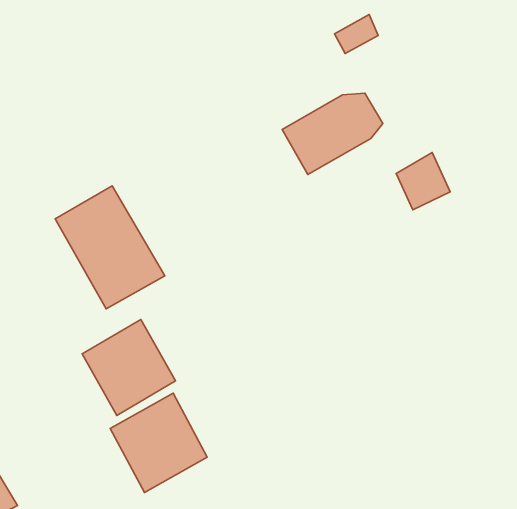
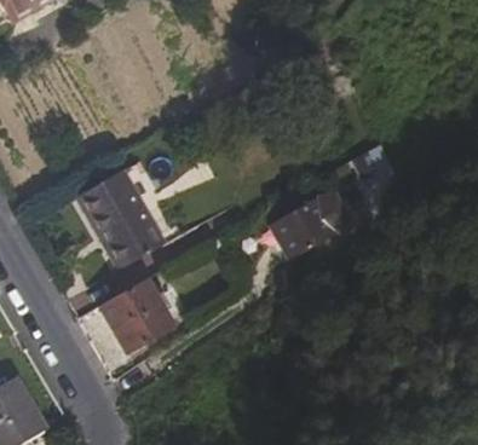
building: [282,93,383,174] -> [269,196,350,261]
building: [110,393,207,492] -> none

